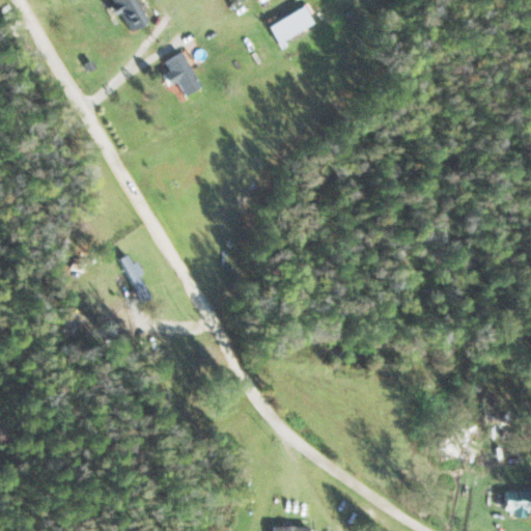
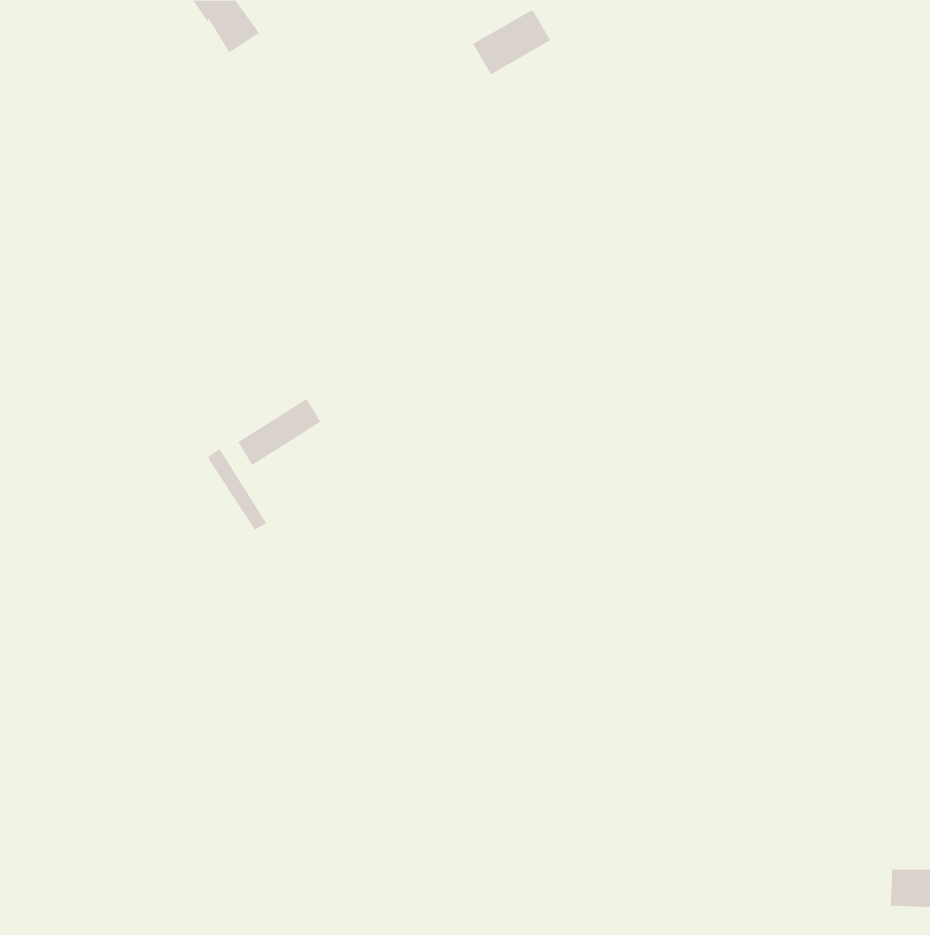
building: [165,51,203,95] -> none
building: none -> [238,398,321,466]

